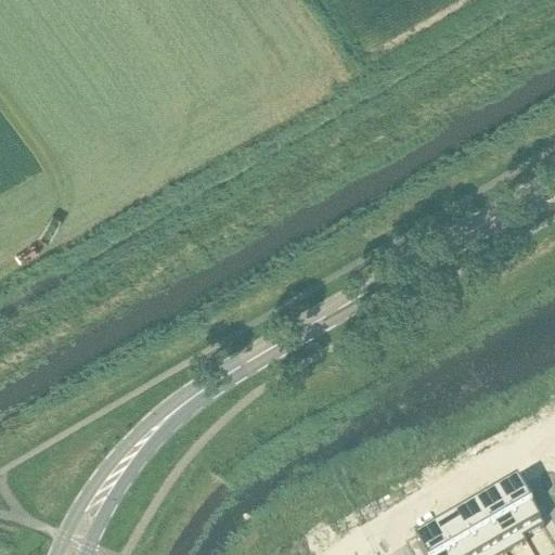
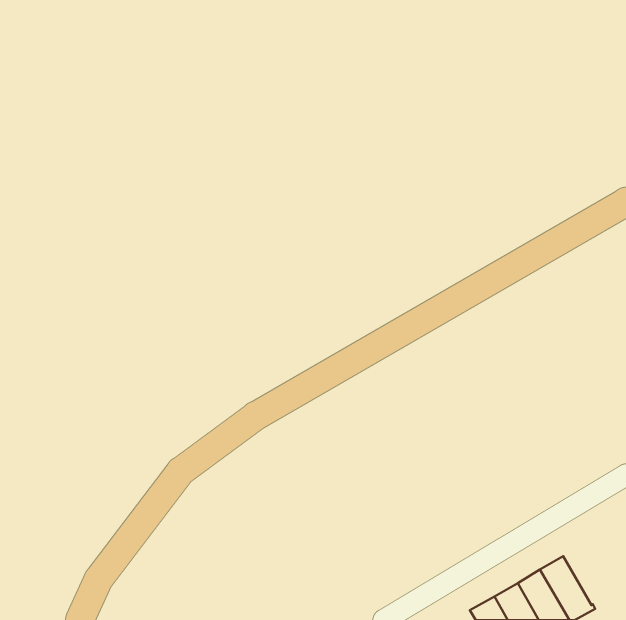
building: [496,478,542,533] -> none

